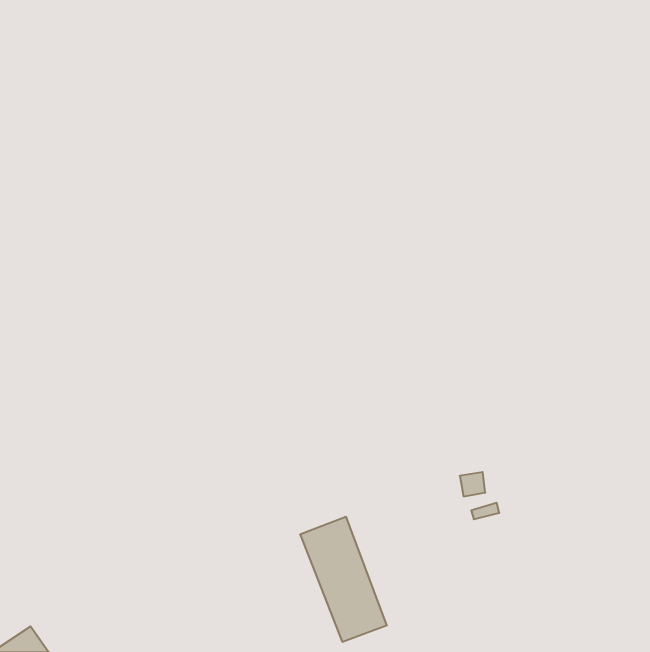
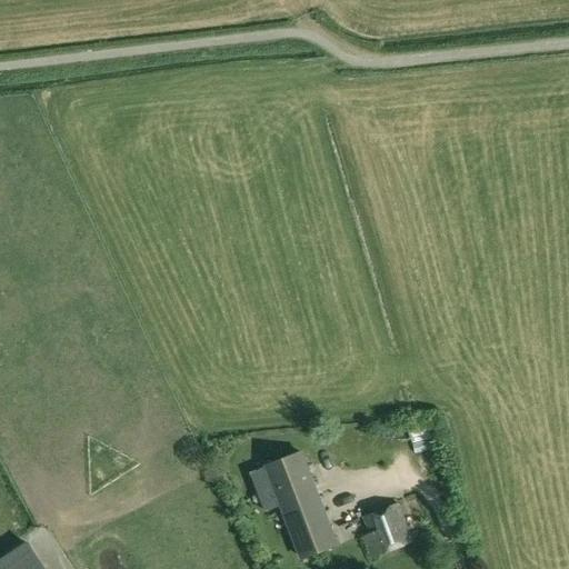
building: none -> [361,505,410,557]

